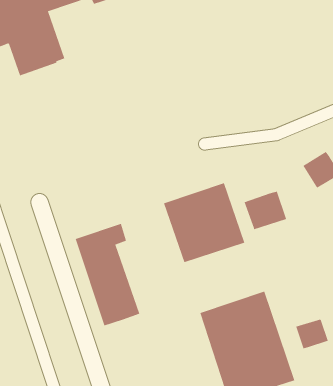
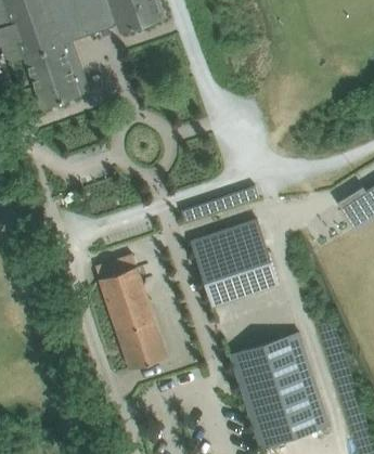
building: [244,191,287,230] -> none
building: [296,318,329,349] -> none

